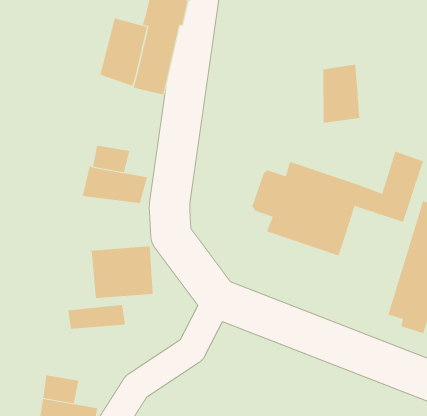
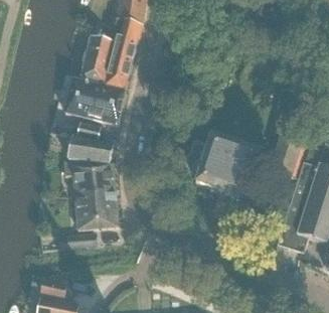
building: [323,64,361,123] -> none
building: none -> [65,76,126,123]
building: none -> [72,160,117,194]

